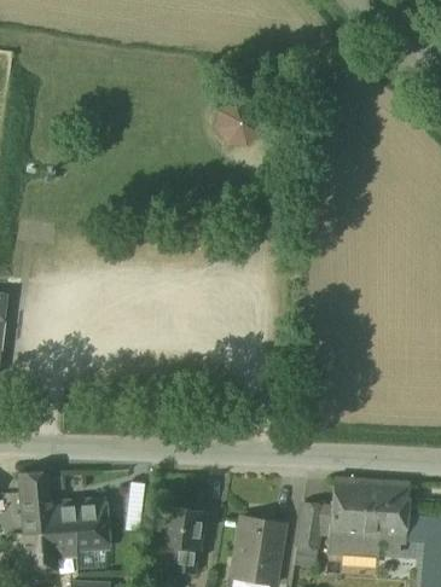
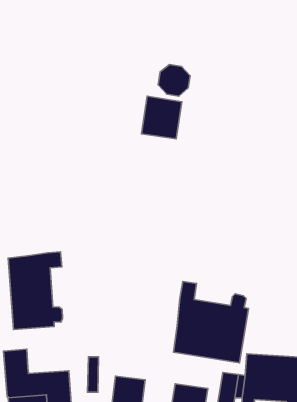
building: none -> [141,96,182,139]
building: none -> [8,252,62,329]
building: none -> [173,282,248,363]

